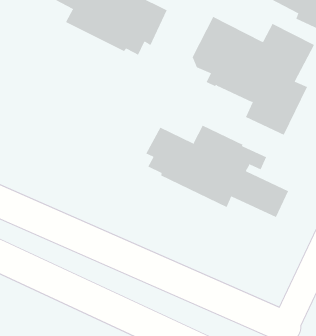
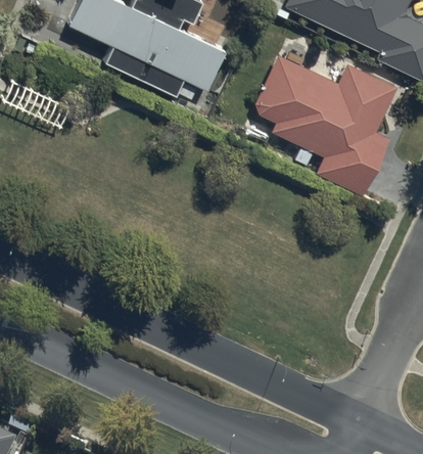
building: [146,125,289,218] -> none

